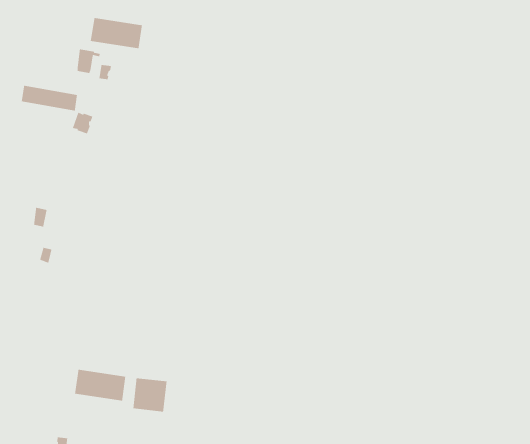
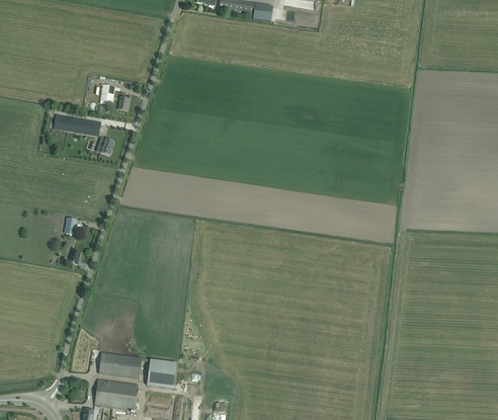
building: [90,17,143,49] -> none
building: none -> [94,379,138,410]

